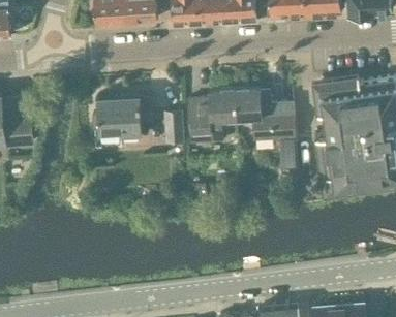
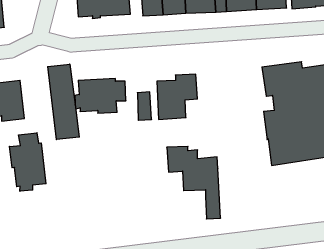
building: none -> [48,64,79,140]
building: [234,90,297,175] -> [167,146,221,219]
building: none -> [9,133,46,191]

